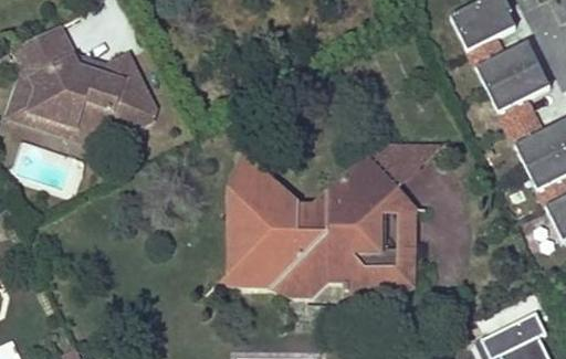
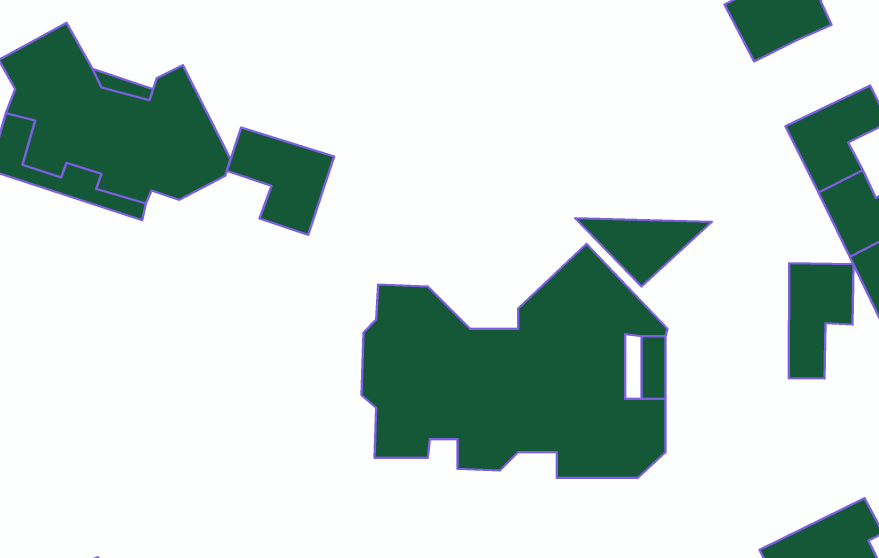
building: [469,34,538,86] -> none
building: none -> [227,127,334,235]
building: none -> [789,263,853,379]

